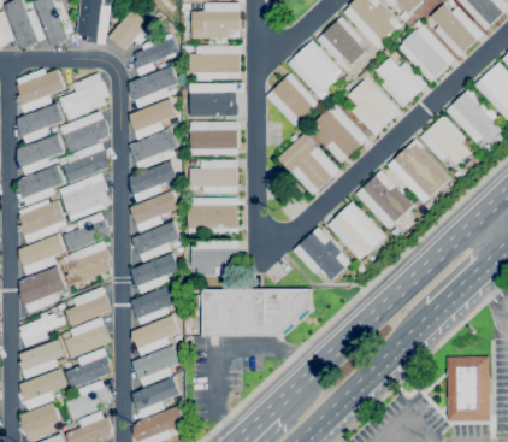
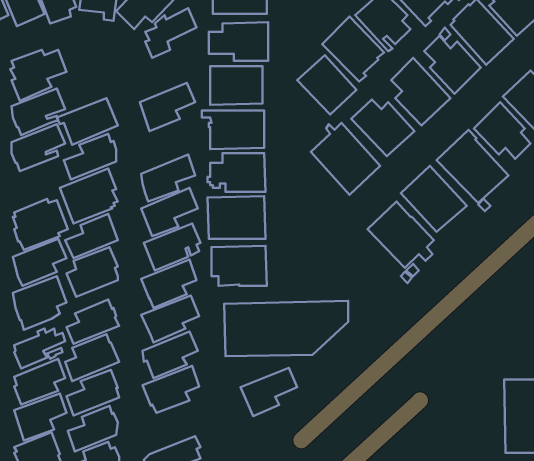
building: [129,65,178,108] -> none
building: [59,72,108,119] -> none
building: [129,128,178,170] -> none
building: [16,164,64,206] -> none
building: [293,226,350,279] -> none
building: [131,376,181,418] -> [241,368,297,416]

